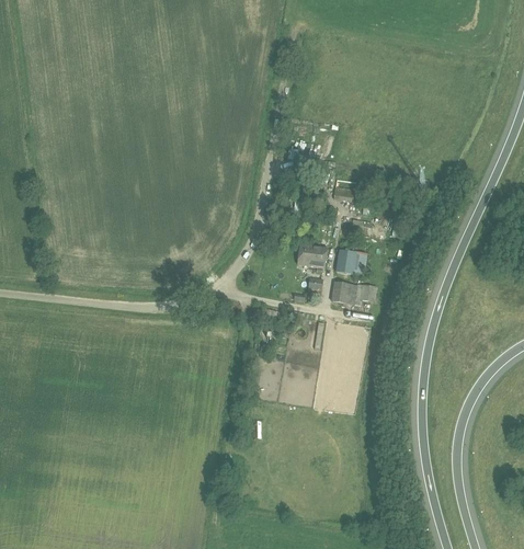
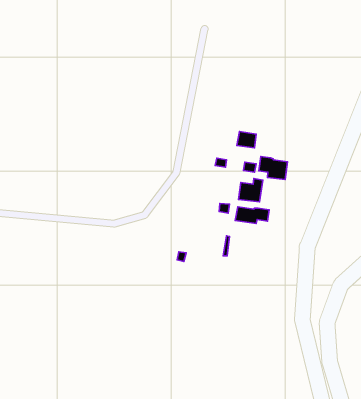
building: none -> [259,156,287,180]
building: [297,235,328,267] -> none

